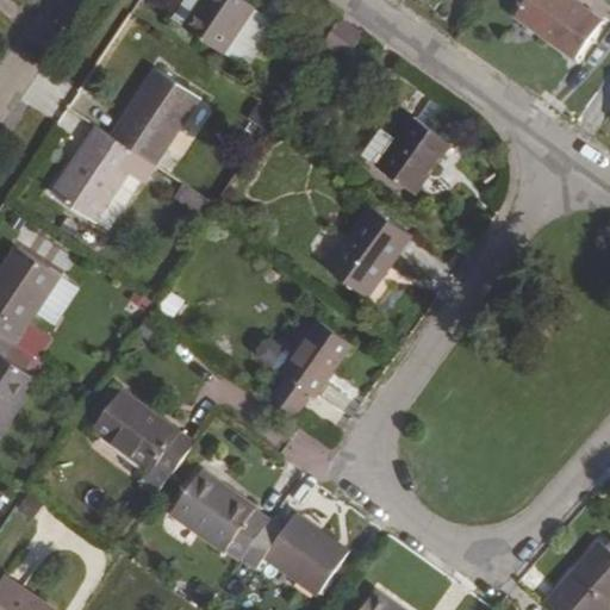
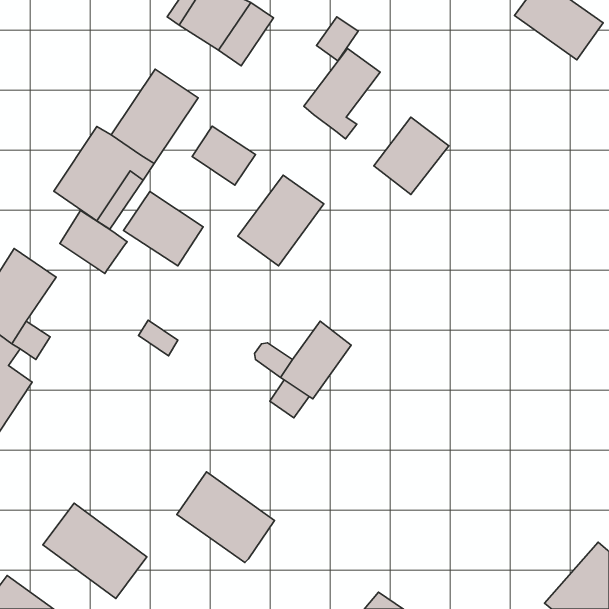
building: none -> [304,48,380,139]
building: none -> [192,126,256,185]
building: none -> [124,191,203,266]
building: [325,210,411,300] -> [238,175,324,266]
building: none -> [60,210,127,273]
building: [88,387,192,483] -> [43,503,147,599]
building: [248,515,351,595] -> none

